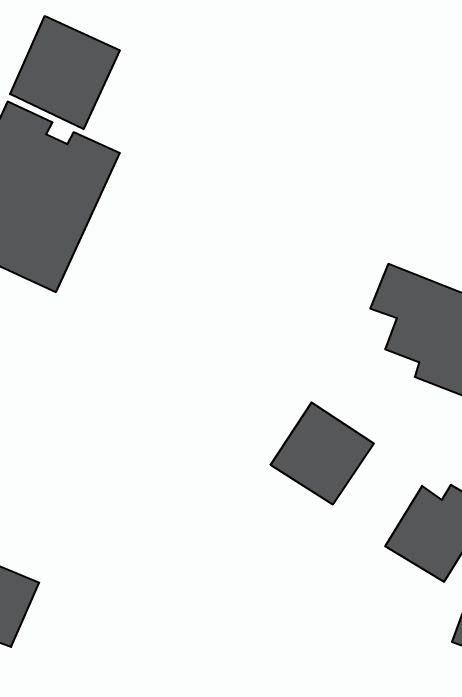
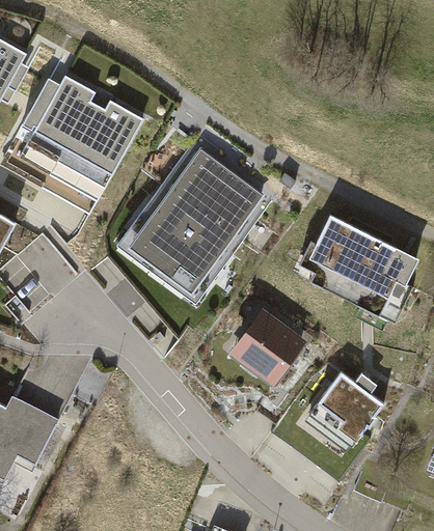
building: [10,16,120,129] -> none
building: none -> [130,148,264,291]

